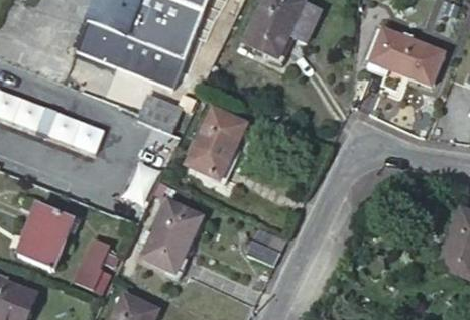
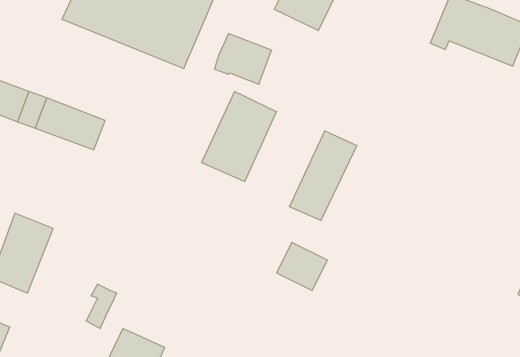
building: [137,90,183,130] -> [214,34,272,84]
building: none -> [289,131,357,220]
building: [141,199,203,272] -> none
building: [75,238,118,289] -> none

